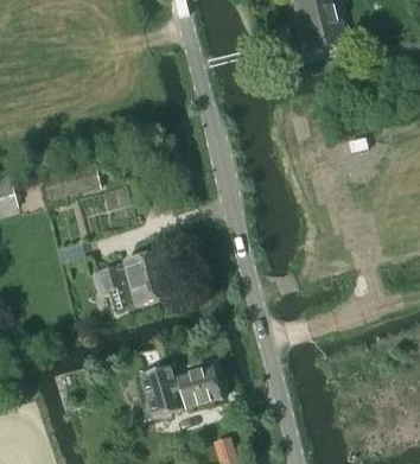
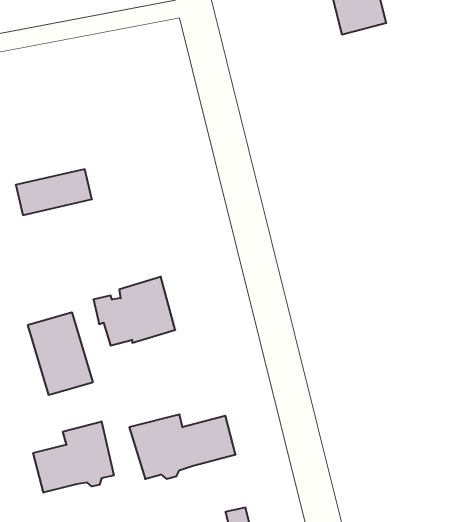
building: none -> [28,312,93,395]
building: none -> [33,421,114,493]

